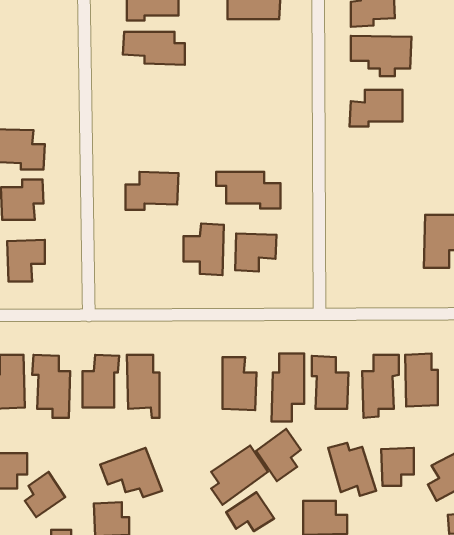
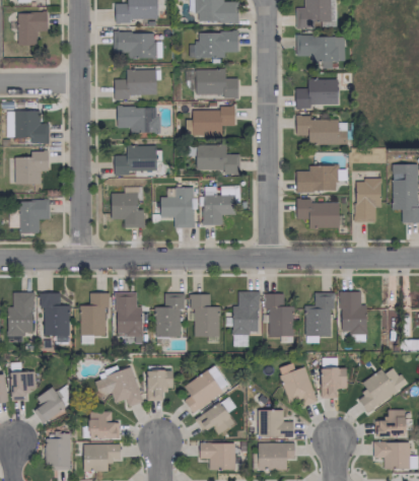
building: none -> [18,12,48,46]
building: none -> [190,31,238,59]
building: none -> [115,69,156,99]
building: none -> [196,69,238,98]
building: none -> [186,106,235,136]
building: none -> [117,107,159,133]
building: none -> [296,116,348,145]
building: none -> [296,165,337,192]
building: none -> [111,193,144,228]
building: none -> [296,199,339,228]
building: none -> [155,293,185,337]
building: [256,429,301,481] -> none
building: none -> [147,370,173,401]

